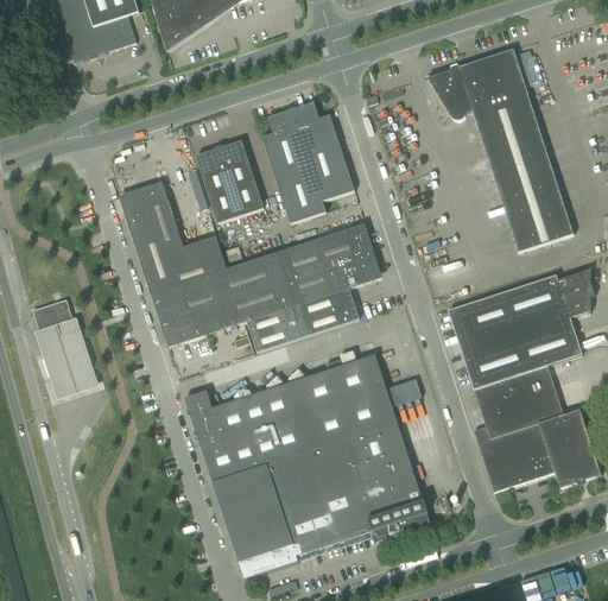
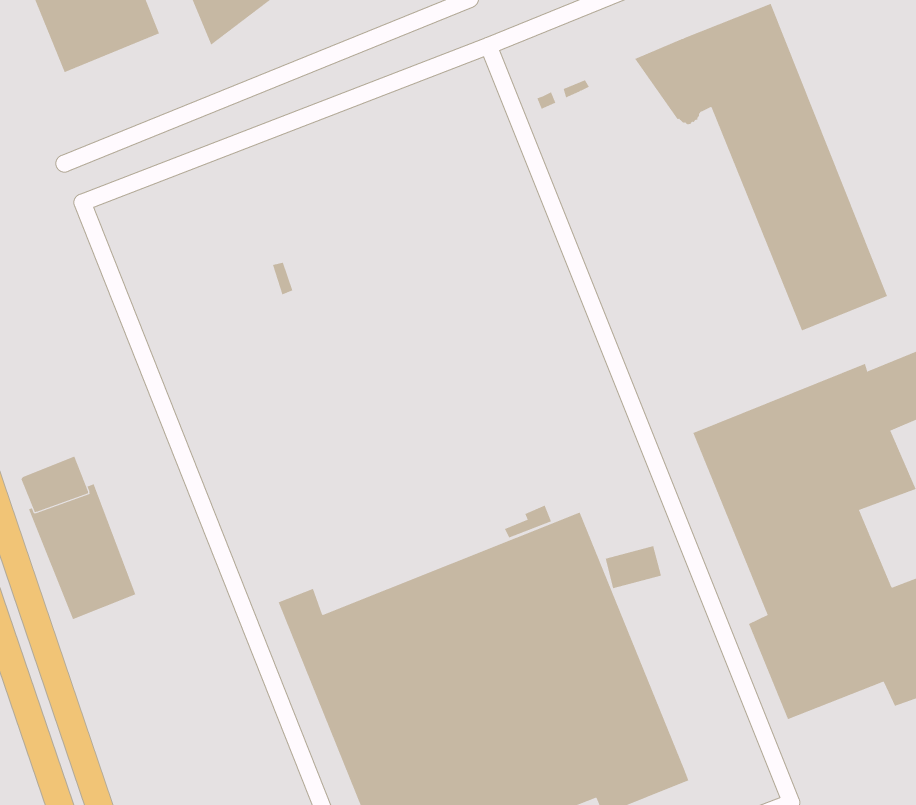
building: [261,102,354,223] -> none
building: [195,140,262,223] -> none
building: [125,181,375,352] -> none

